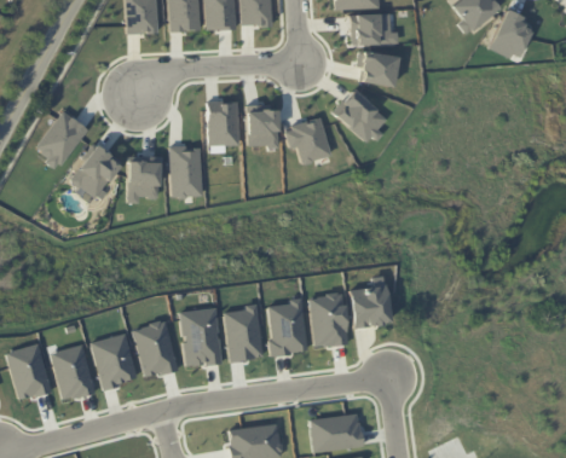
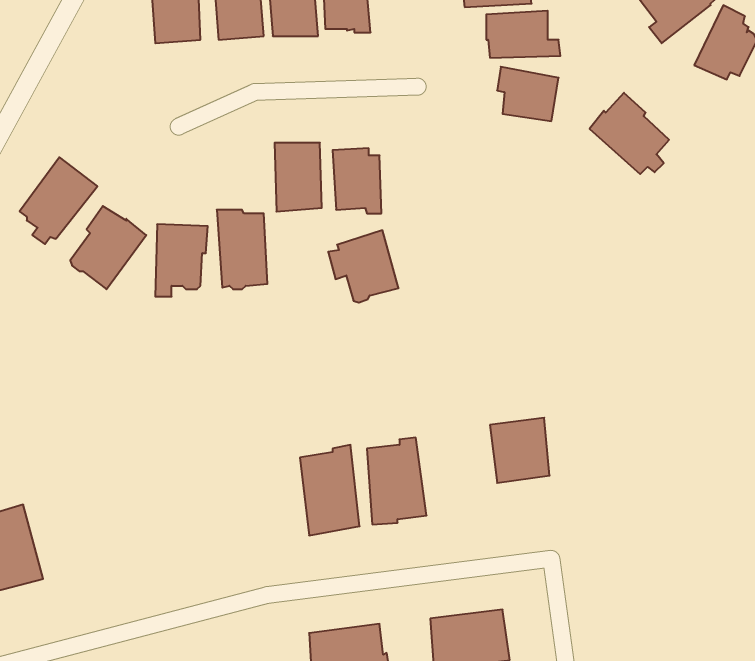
building: [333,87,386,141] -> [590,93,669,174]
building: [284,116,331,164] -> [328,230,399,303]
building: [310,292,350,347] -> none
building: [180,307,223,367] -> none
building: [134,319,179,377] -> none
building: [92,332,138,389] -> none
building: [51,343,96,401] -> none

